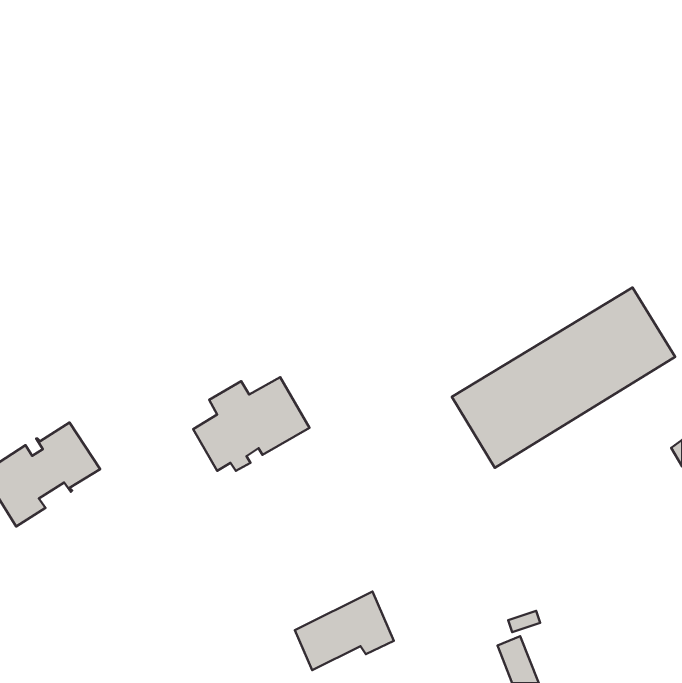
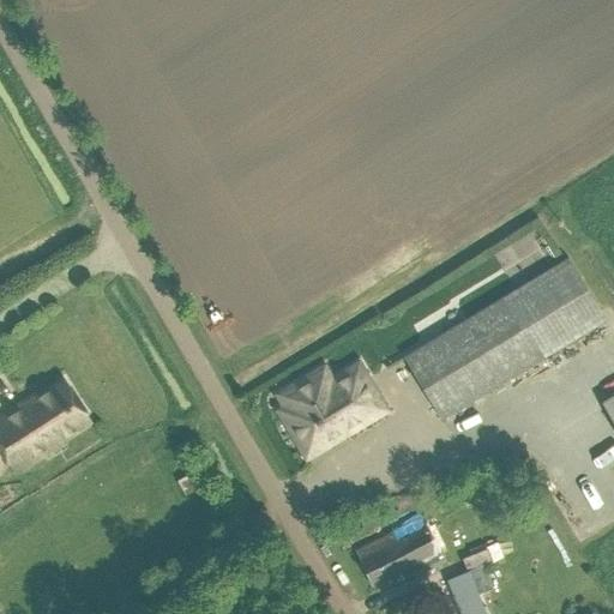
building: [193,377,309,471] -> [279,365,384,449]
building: [295,591,394,670] -> [353,514,441,585]

